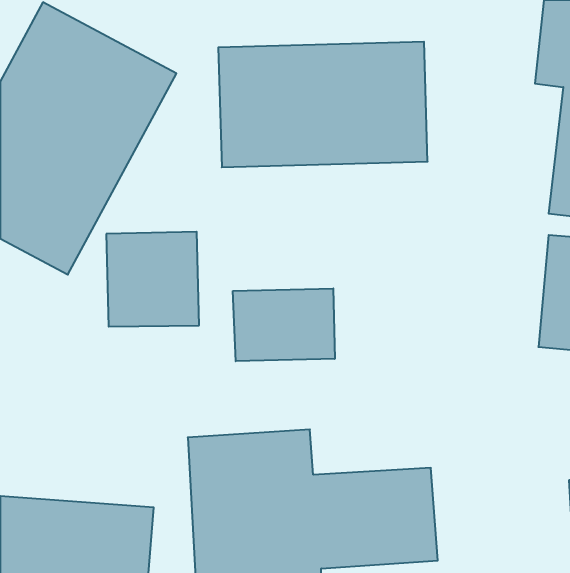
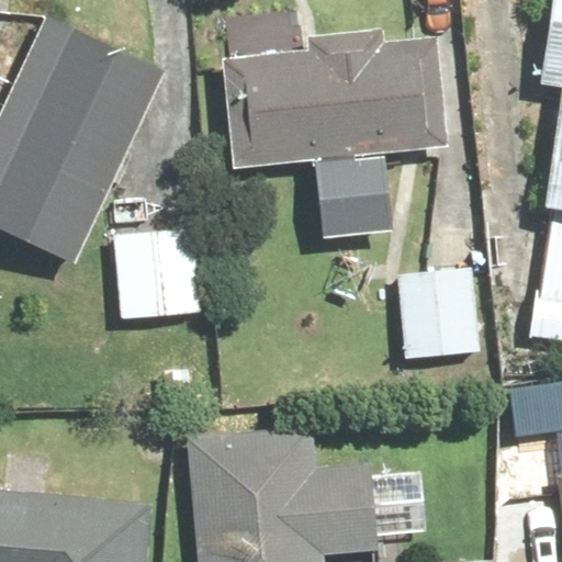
building: none -> [395,267,481,363]
building: [233,288,335,361] -> none

